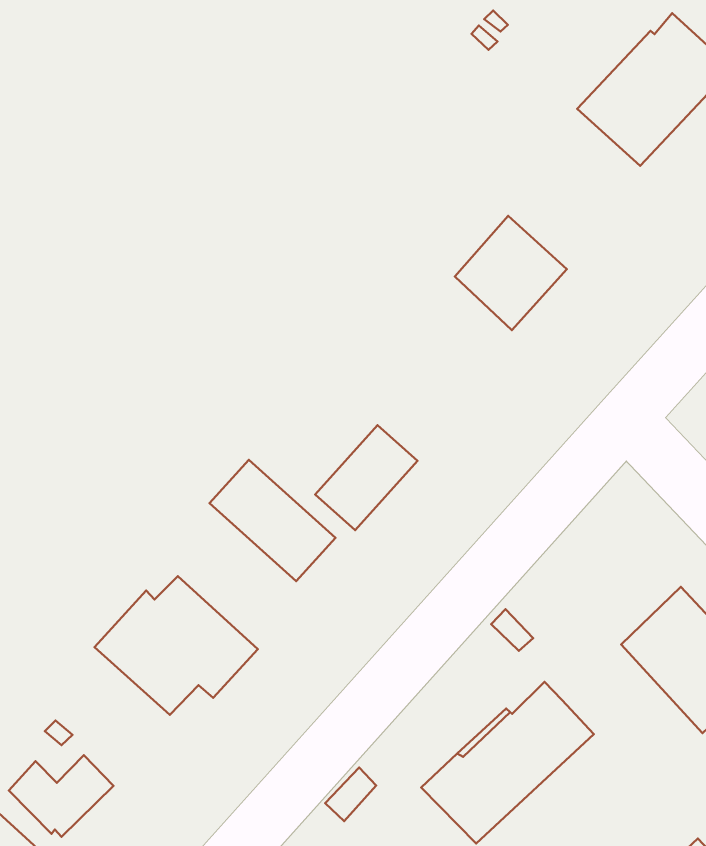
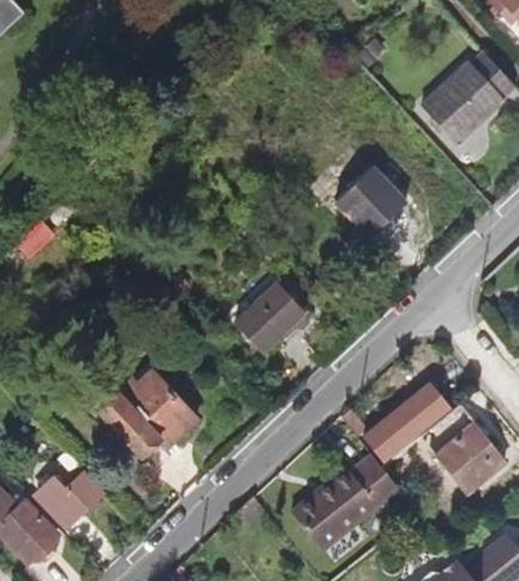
building: [209,460,335,581] -> none
building: none -> [362,381,452,462]

